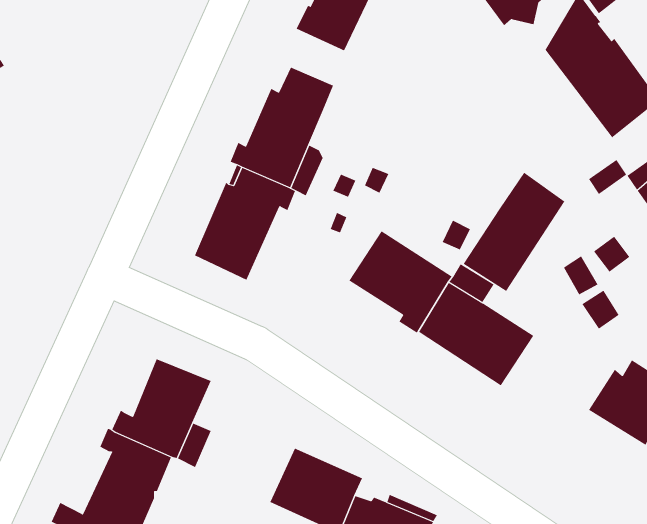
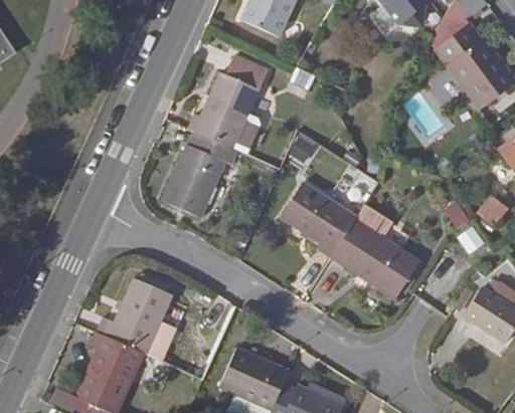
building: [463,172,565,292] -> none

